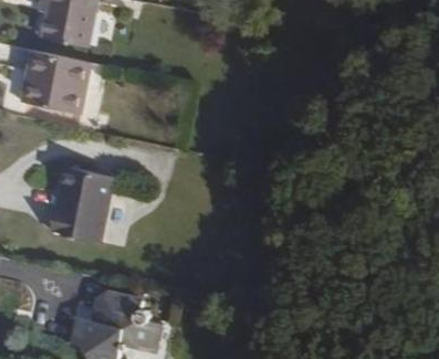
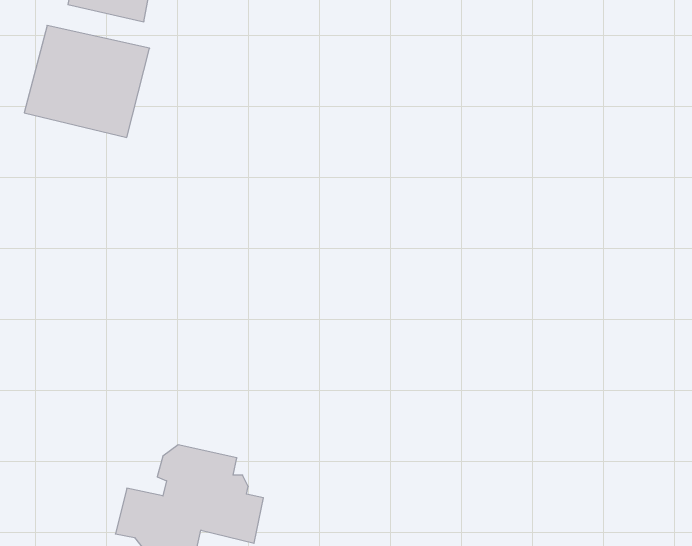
building: [50,165,114,241] -> none

